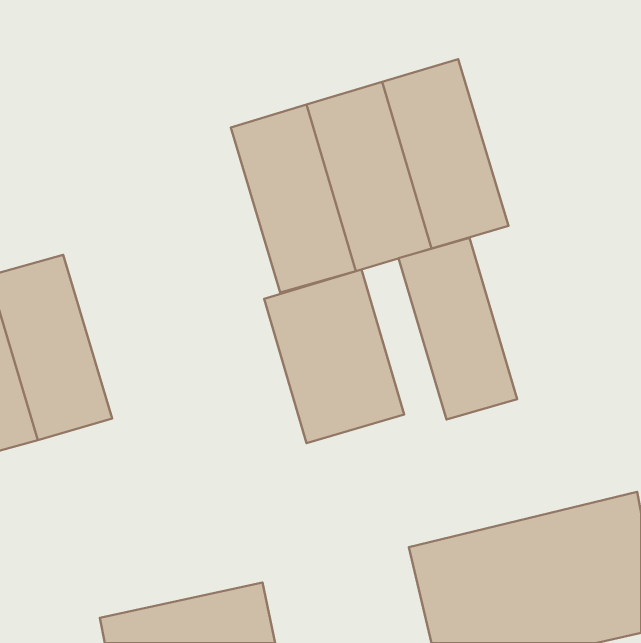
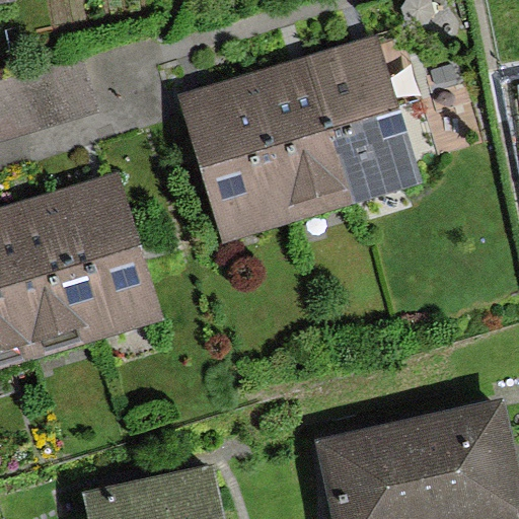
building: none -> [51,188,149,337]
building: [399,238,517,420] -> none
building: [264,269,404,443] -> none

